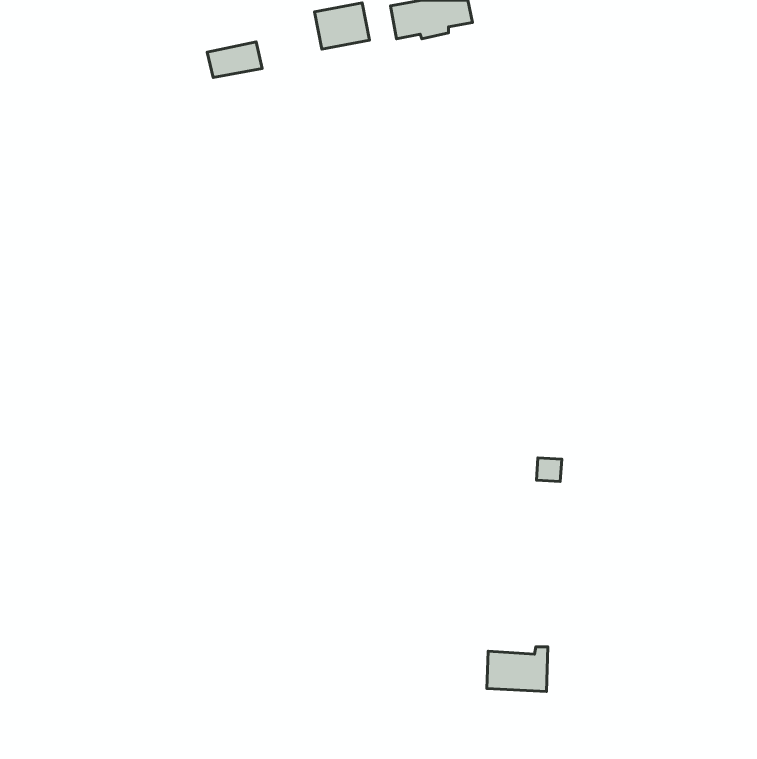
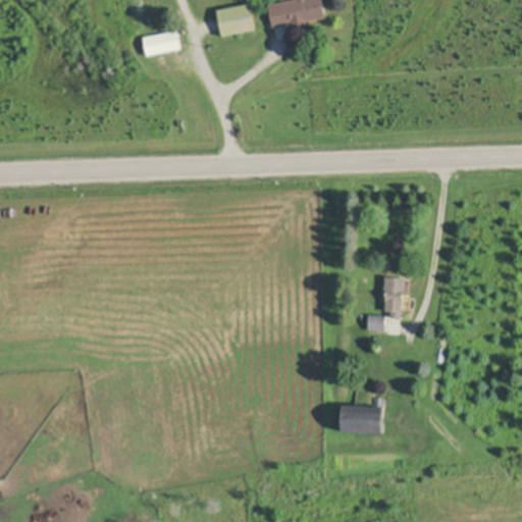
building: none -> [383,276,404,318]
building: [487,647,548,692] -> [342,403,383,433]

